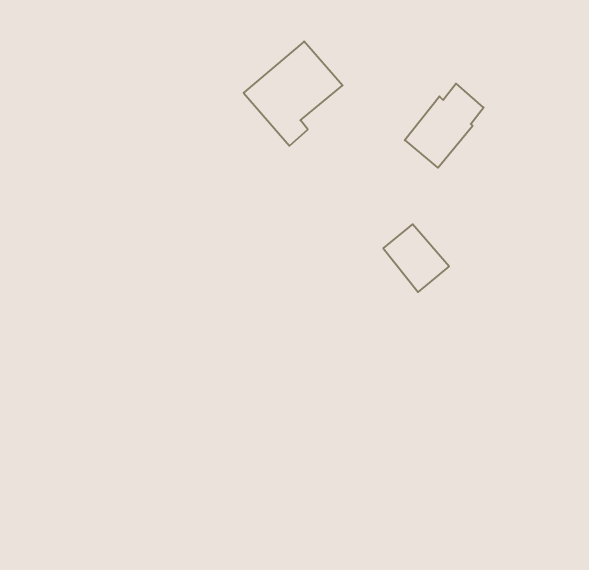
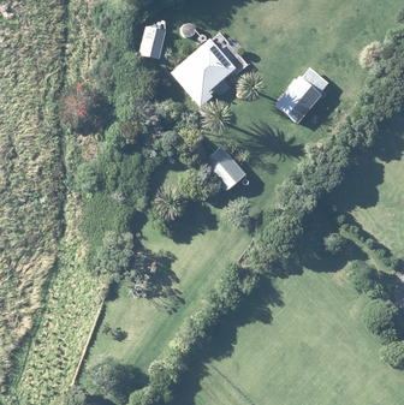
building: none -> [141,25,166,58]
building: [383,224,449,292] -> [203,147,246,191]

